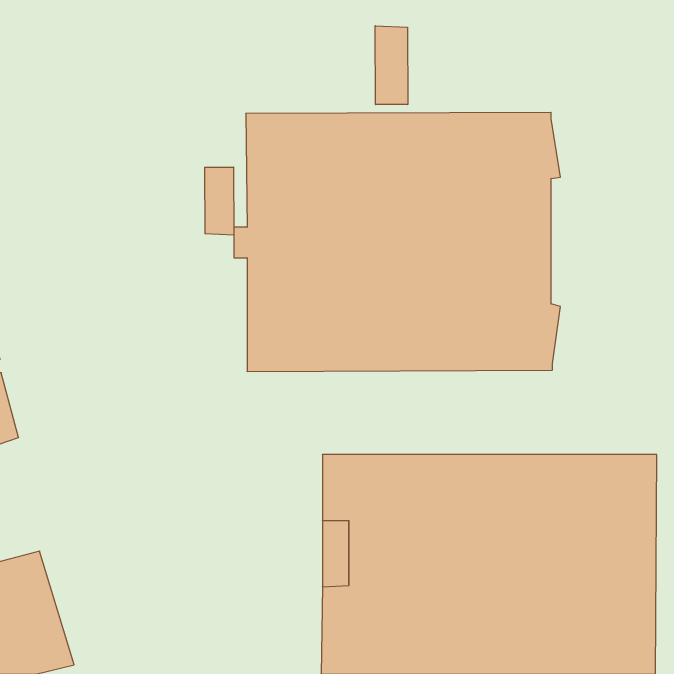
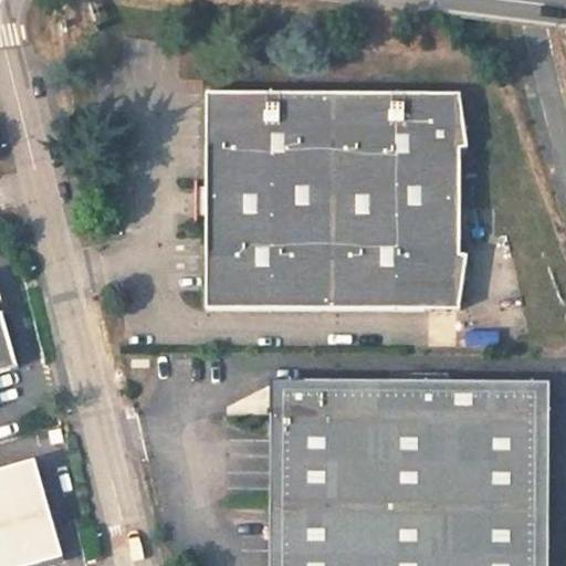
building: [375,26,408,105] -> none
building: [205,167,234,235] -> none

